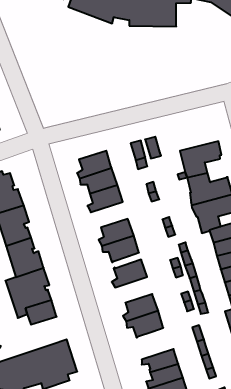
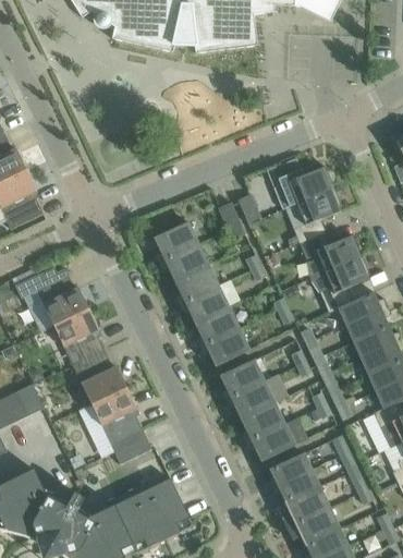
building: none -> [278,167,334,208]
building: none -> [179,286,229,324]
building: none -> [224,380,274,418]
building: none -> [267,452,313,490]

